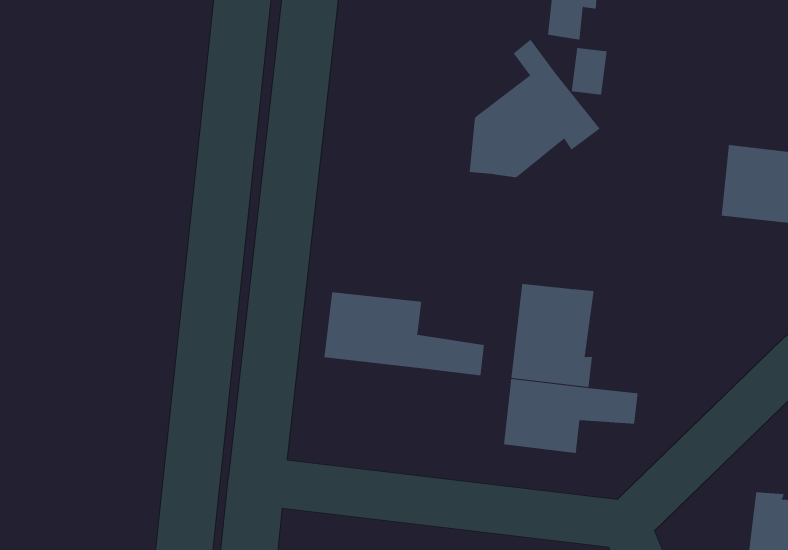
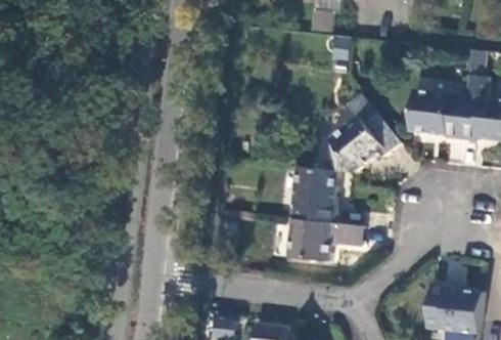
building: [469,39,600,178] -> [327,93,401,171]
building: [324,291,484,376] -> none

